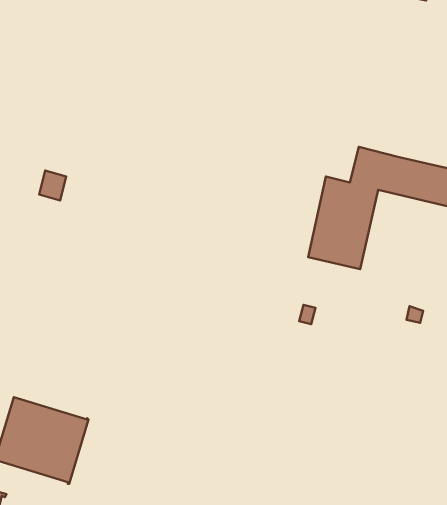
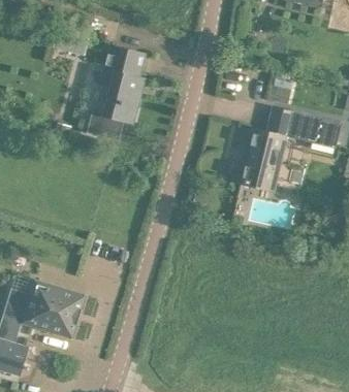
building: none -> [87,45,145,139]

